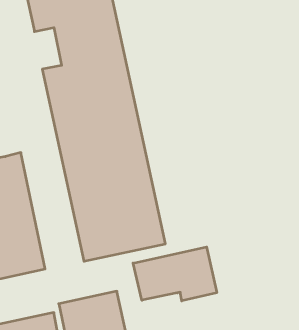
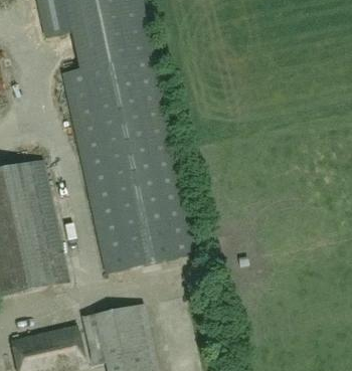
building: [133,247,217,301] -> none

